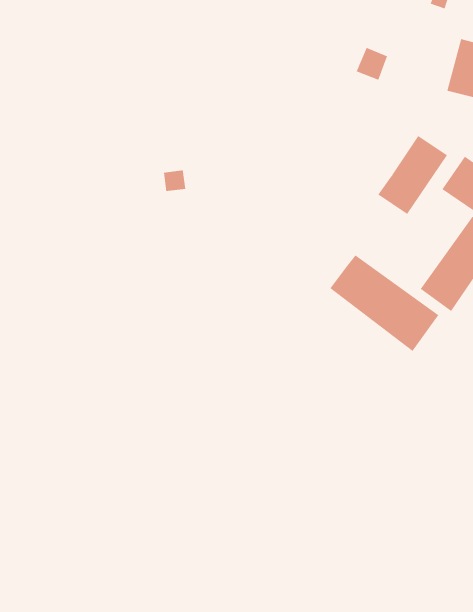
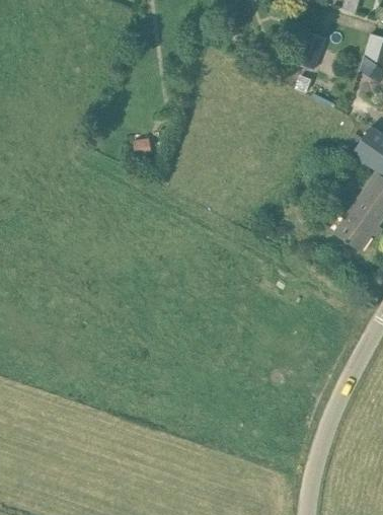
building: [378,135,448,215] -> none
building: [329,255,439,352] -> none

